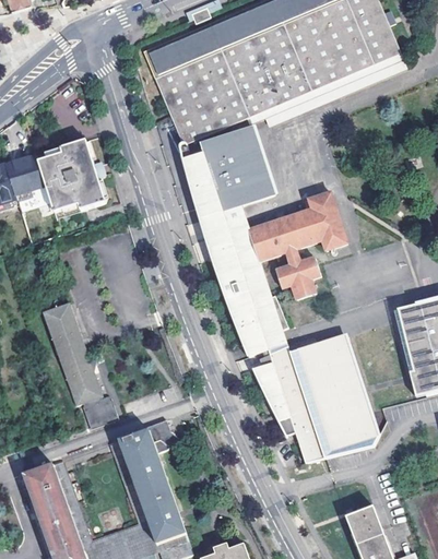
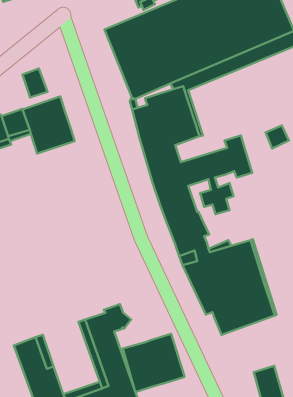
building: none -> [23,69,47,98]
building: none -> [266,125,289,148]
building: [45,301,120,427] -> none
building: none -> [123,334,185,392]

